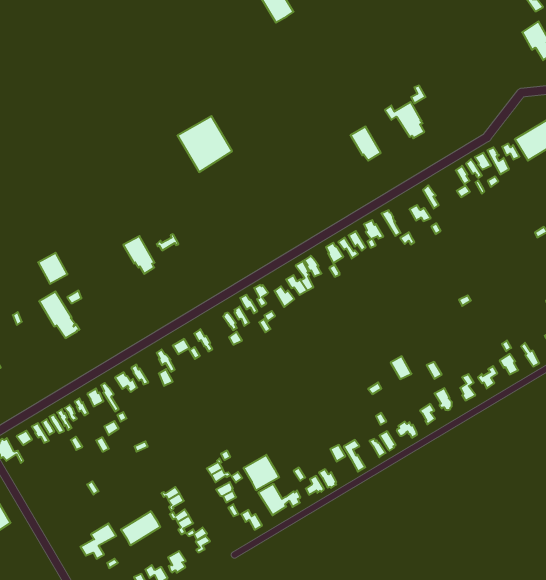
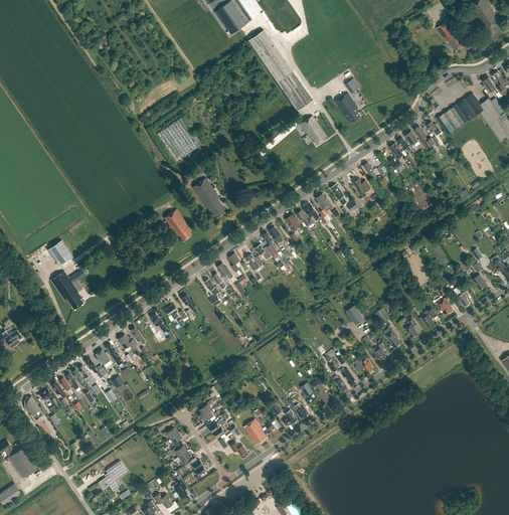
building: none -> [248,29,312,110]
building: none -> [192,178,225,217]
building: [123,236,155,274] -> [164,209,191,240]
building: [244,455,279,490] -> none
building: [121,511,160,545] -> none

